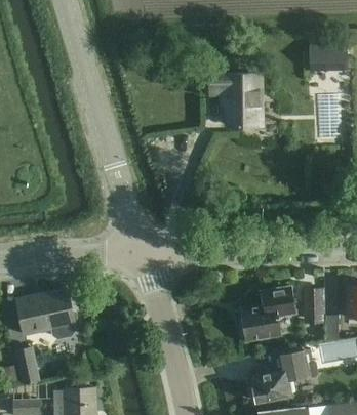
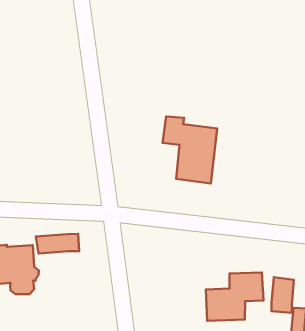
building: [209,67,261,126] -> [163,116,217,184]
building: none -> [36,234,79,253]

